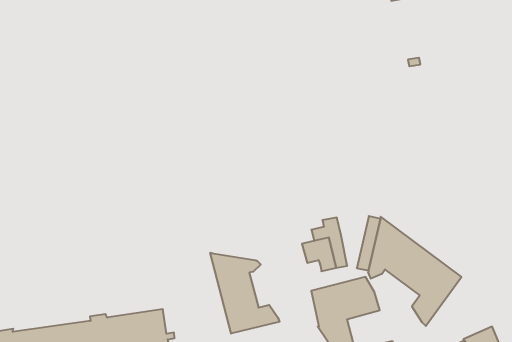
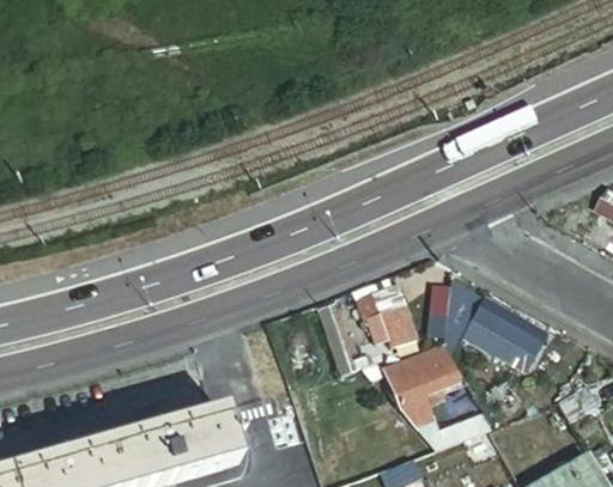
building: [210,253,280,334] -> none

